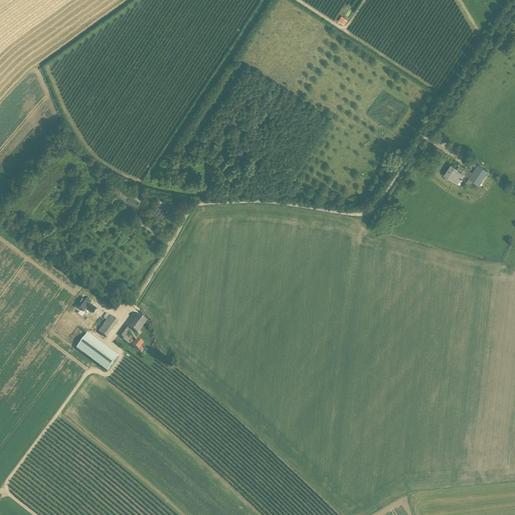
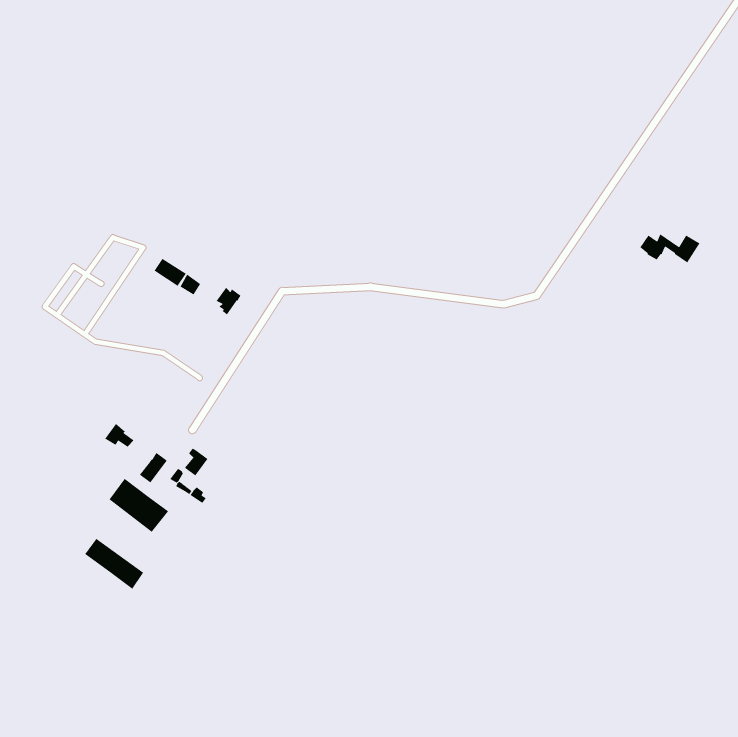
building: none -> [84,538,144,590]

